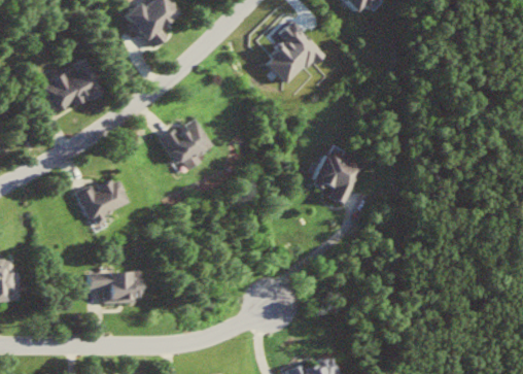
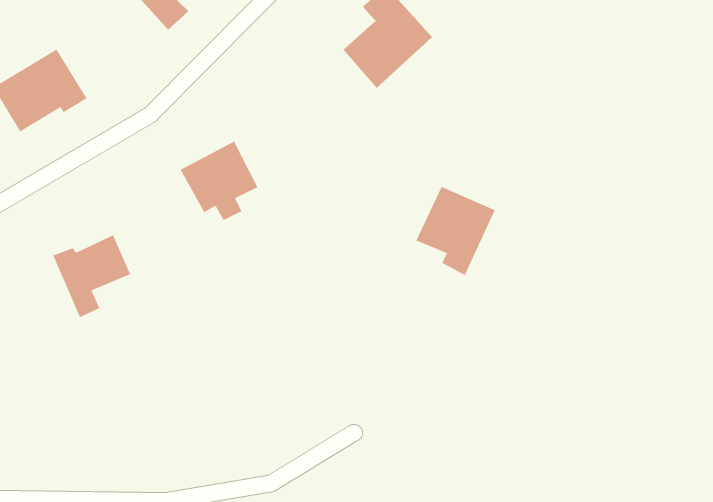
building: [89,272,140,303] -> none

